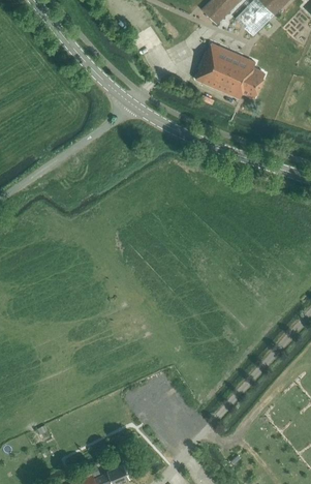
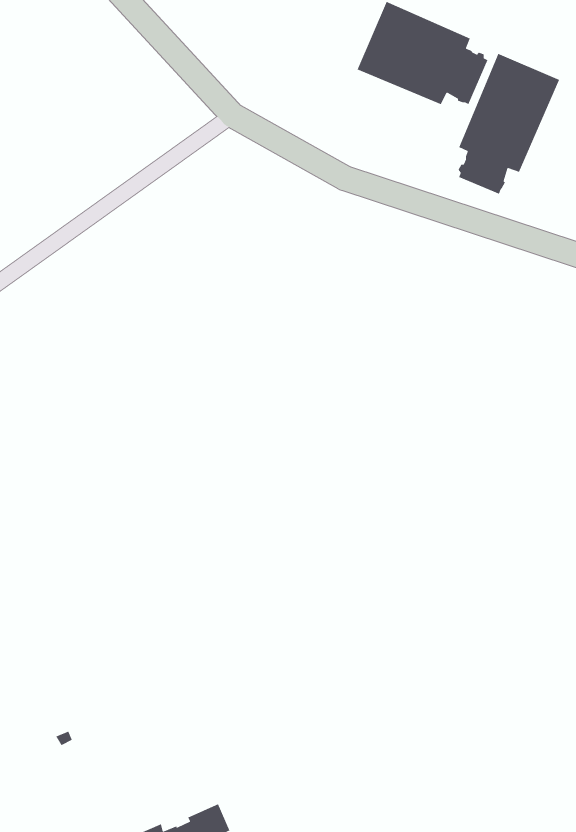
building: none -> [458,53,560,195]

